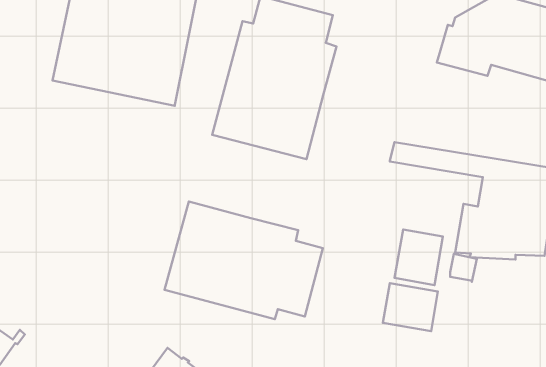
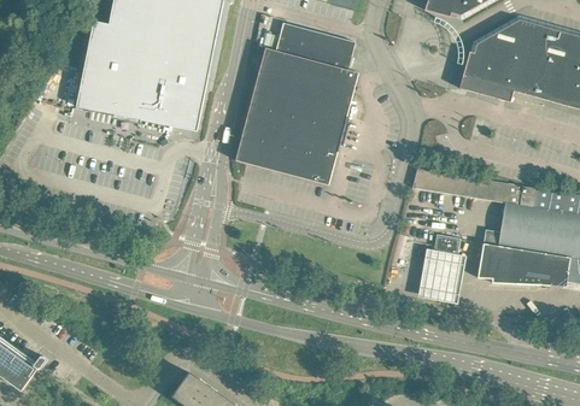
building: [165,202,323,319] -> none
building: [450,254,477,282] -> [433,234,459,261]
building: [383,283,438,331] -> none

